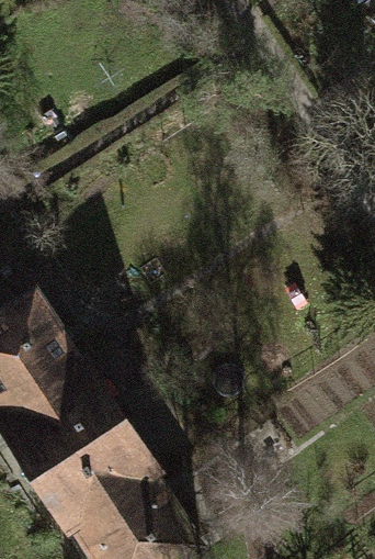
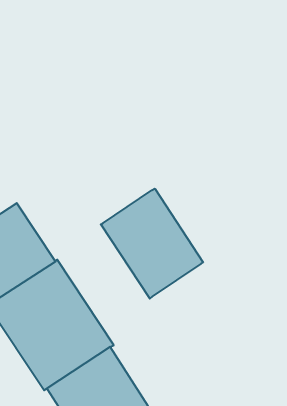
building: none -> [101,189,203,299]

